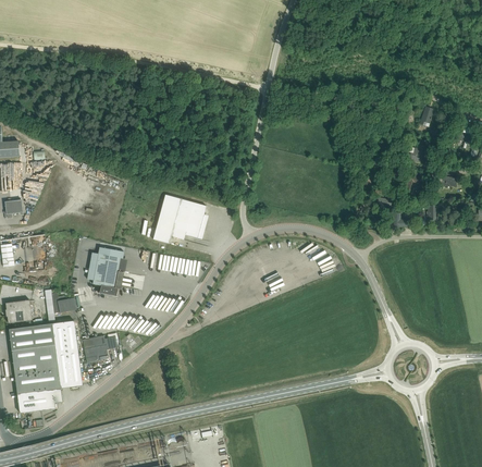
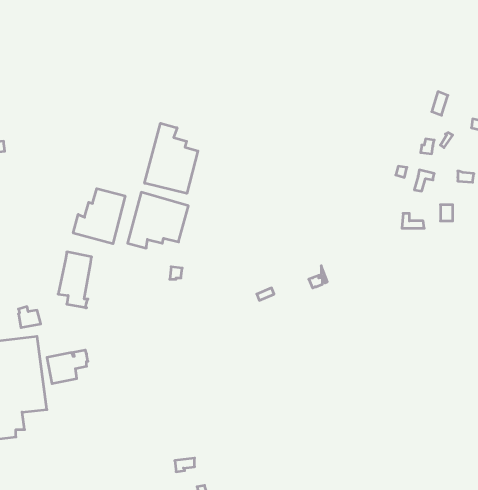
building: none -> [145,123,198,193]
building: none -> [73,189,125,244]

